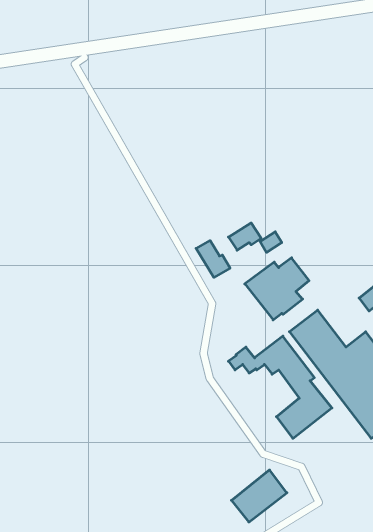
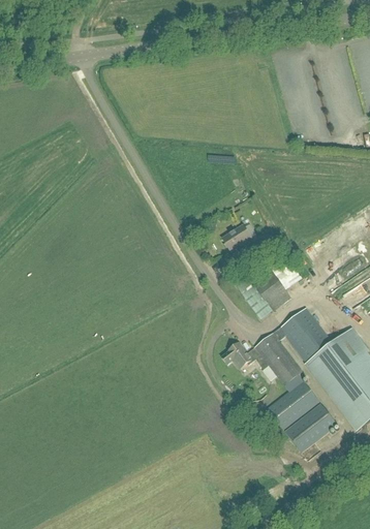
building: [196,241,230,277] -> none
building: [231,470,287,522] -> [284,402,337,452]

